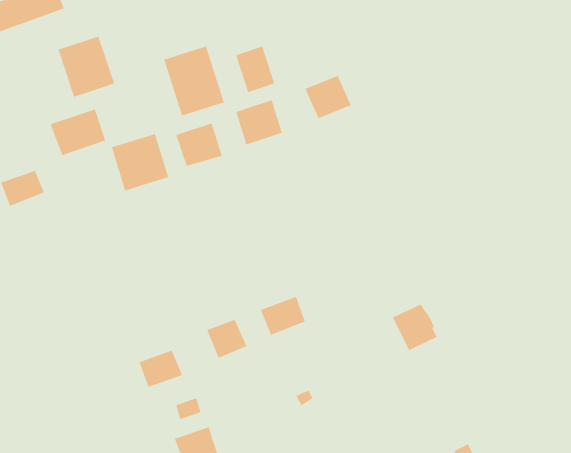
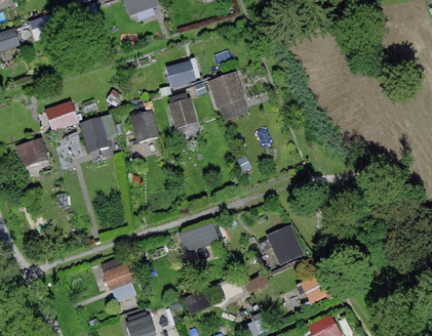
building: [57,35,115,98] -> none
building: [163,45,225,117] -> none

